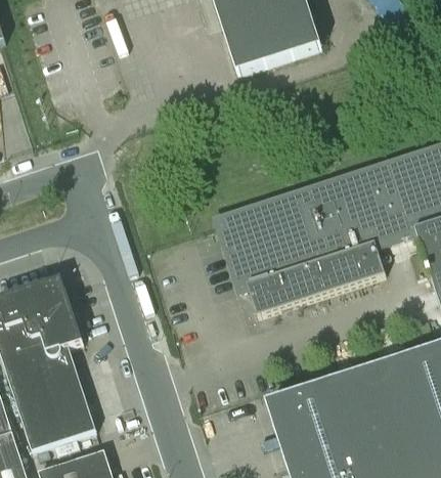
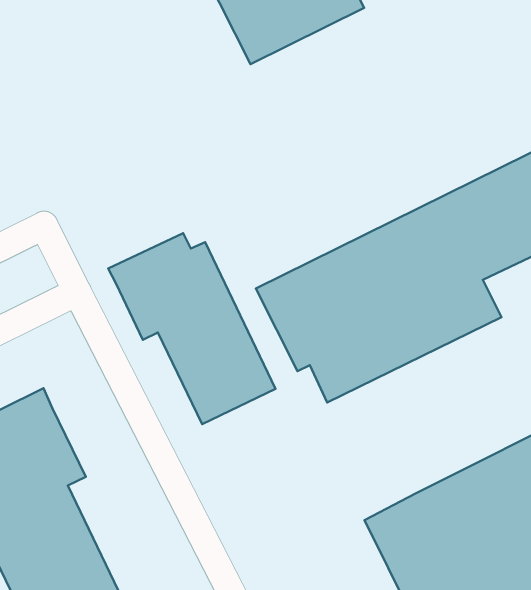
building: none -> [108,233,275,424]

